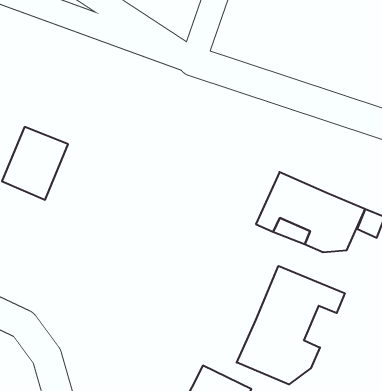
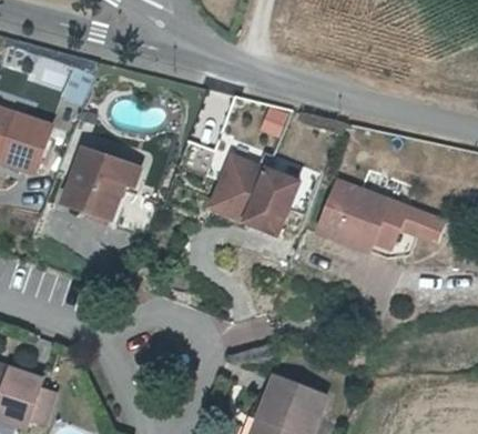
building: none -> [212,153,297,230]
building: [237,266,345,384] -> none

